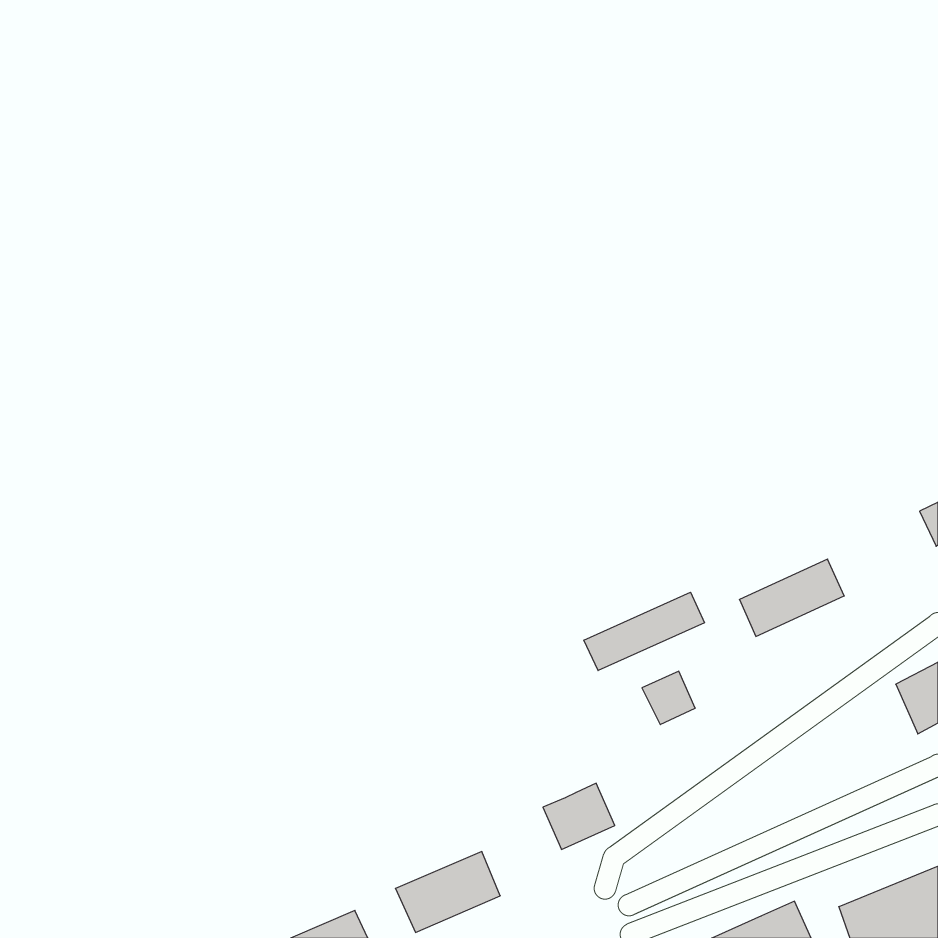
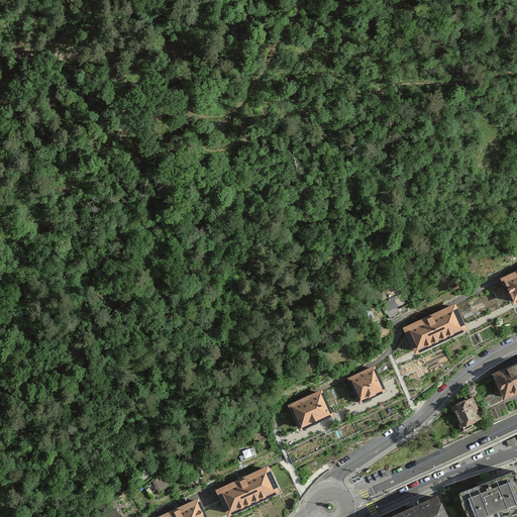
building: [584,592,704,671] -> none
building: none -> [450,399,483,432]
building: [543,783,615,849] -> [290,392,329,428]

